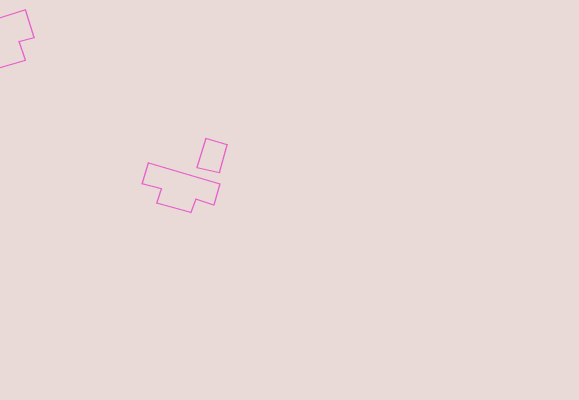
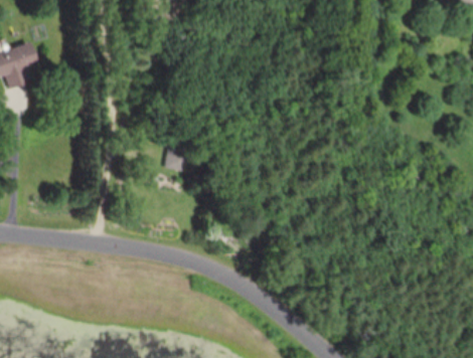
building: [142,163,220,213] -> none

